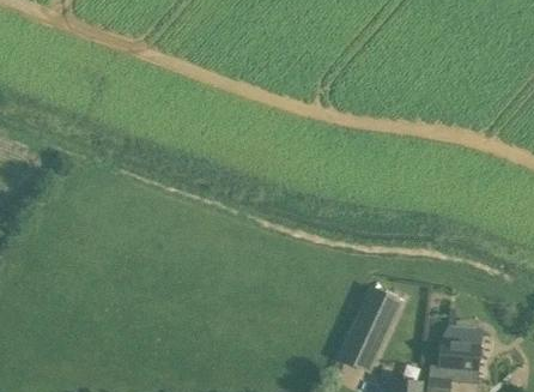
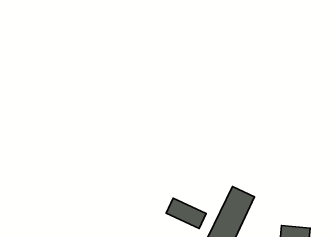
building: none -> [166,198,206,229]

